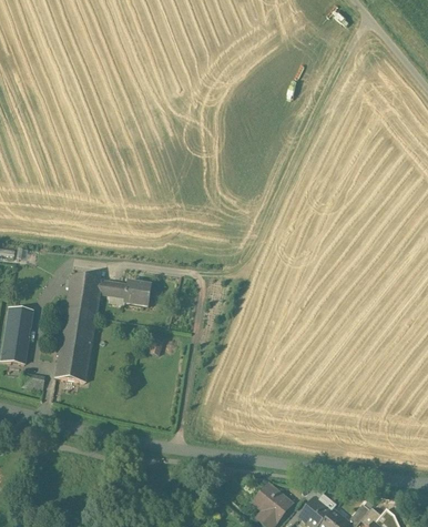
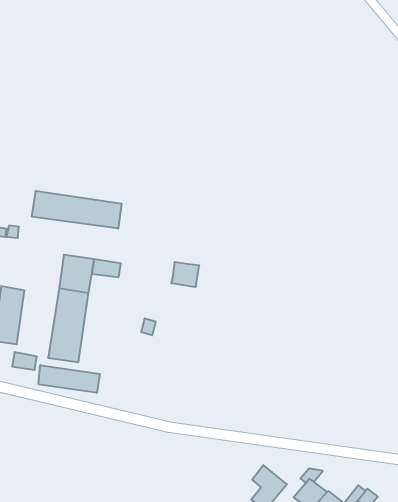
building: none -> [32,191,122,229]
building: [125,282,153,306] -> [171,262,199,287]
building: none -> [39,365,100,393]

